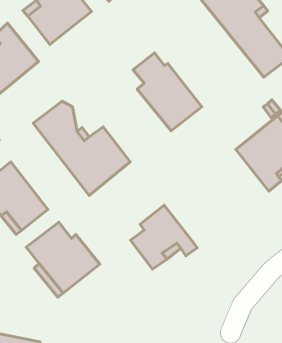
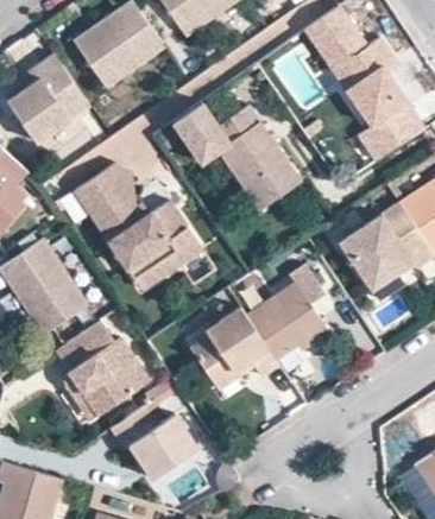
building: none -> [170,99,226,164]
building: none -> [246,265,327,360]
building: none -> [111,399,200,479]

